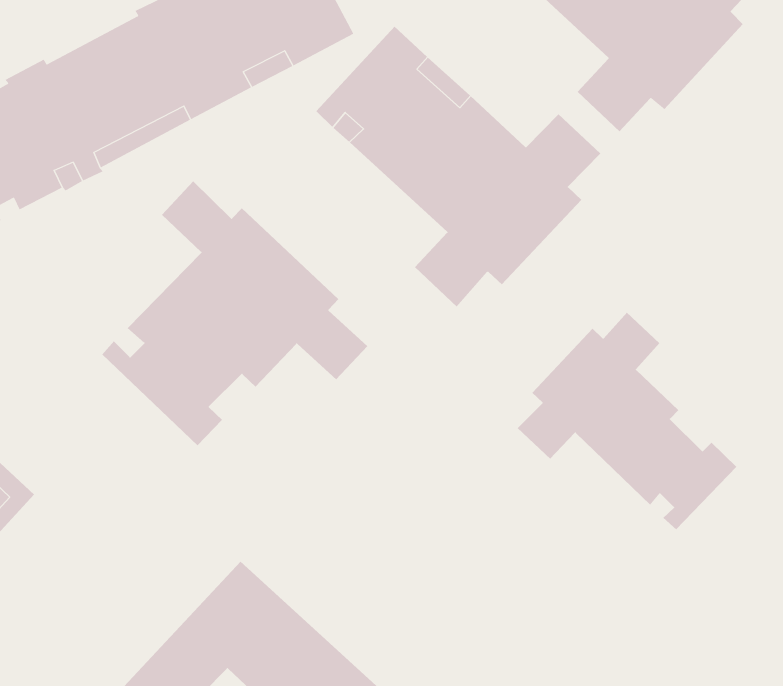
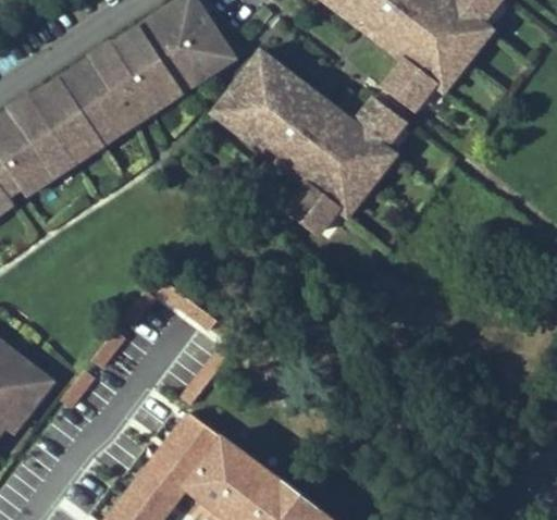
building: [102,181,368,446] -> none
building: [517,312,737,530] -> none

